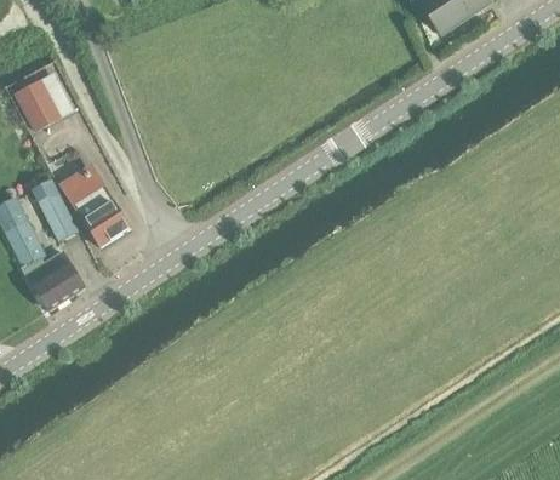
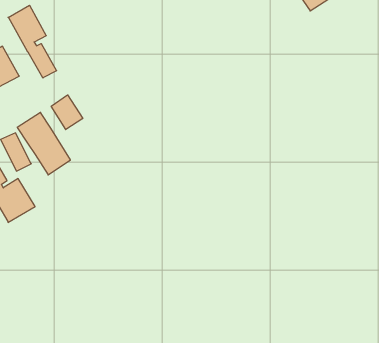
building: none -> [8,5,57,78]
building: none -> [51,95,83,130]

